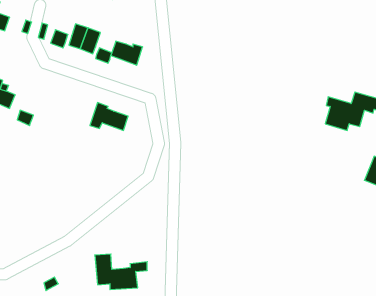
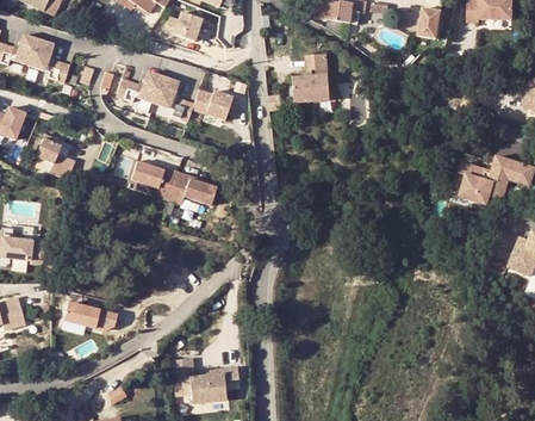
building: none -> [293,55,330,100]
building: none -> [130,159,176,198]
building: none -> [64,304,118,332]

